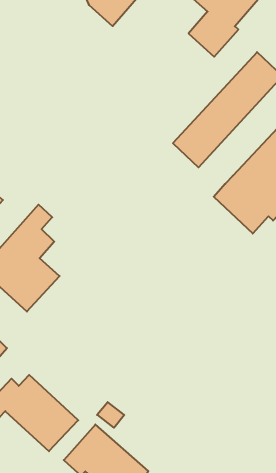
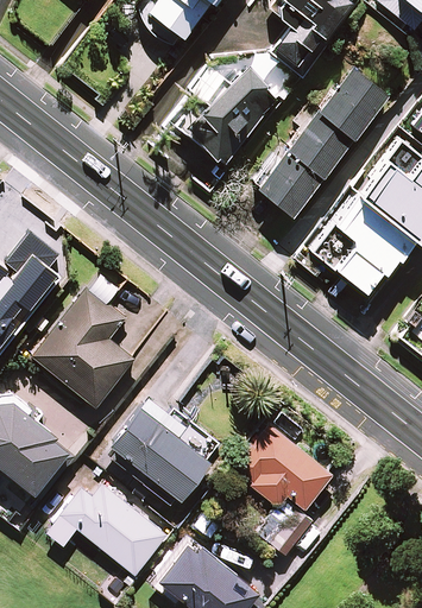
building: none -> [187,58,278,166]
building: none -> [103,398,210,509]
building: none -> [234,426,332,549]

